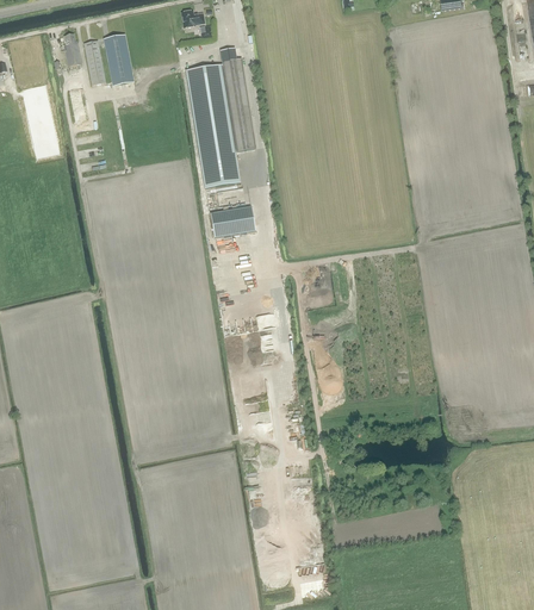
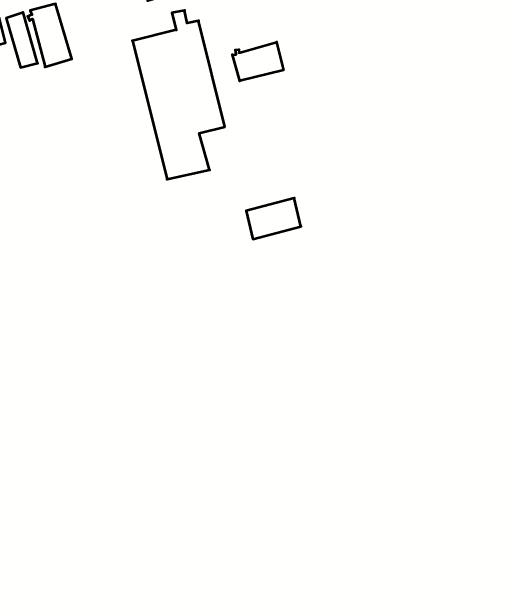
building: none -> [232,42,283,81]
building: [210,205,254,236] -> [246,198,301,239]

